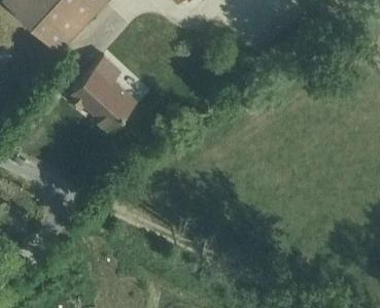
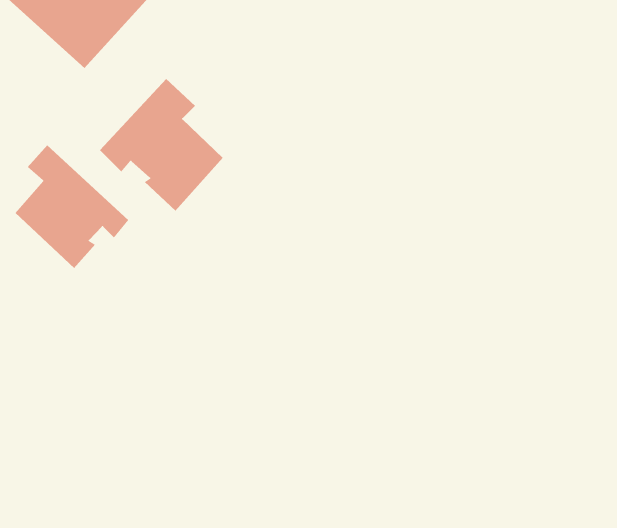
building: none -> [14,144,129,269]

